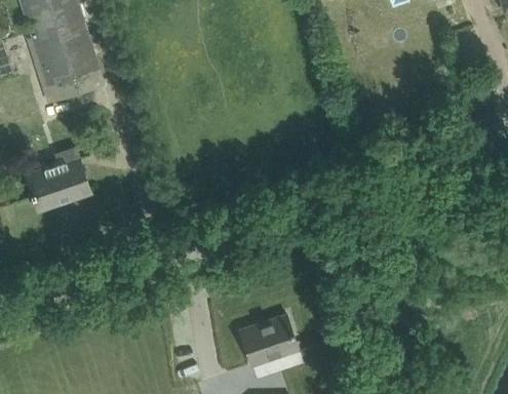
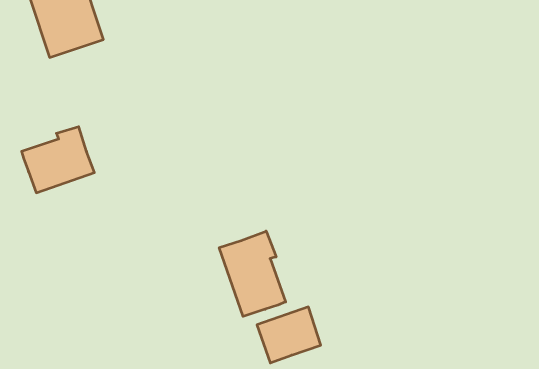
building: none -> [219,231,286,316]

